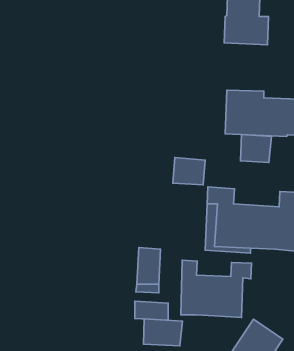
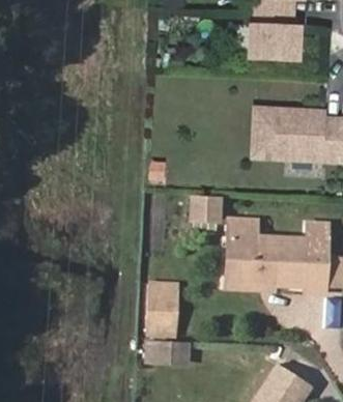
building: [240,135,271,162] -> none
building: [181,260,251,317] -> none
building: [143,319,182,346] -> none

